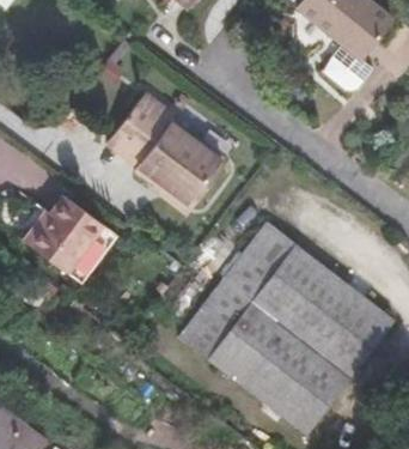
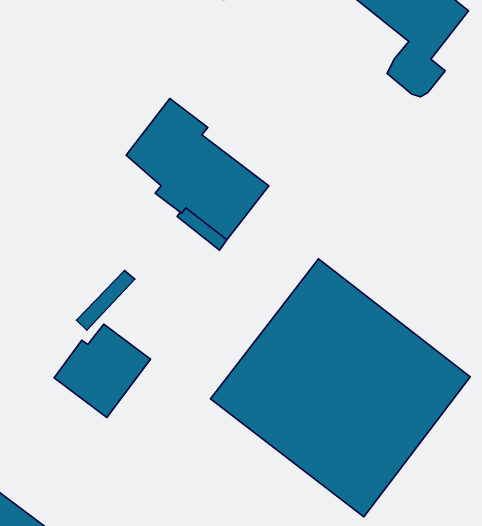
building: [24,195,103,272] -> [54,324,150,417]

